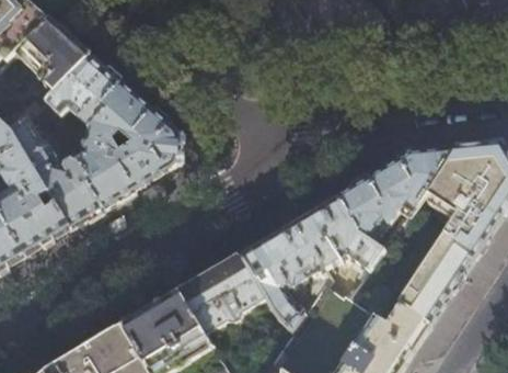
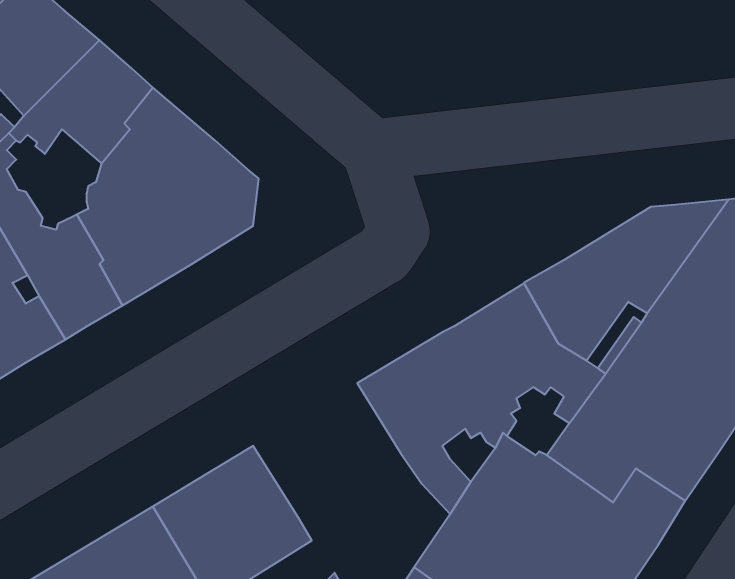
building: [180,255,265,332] -> none

